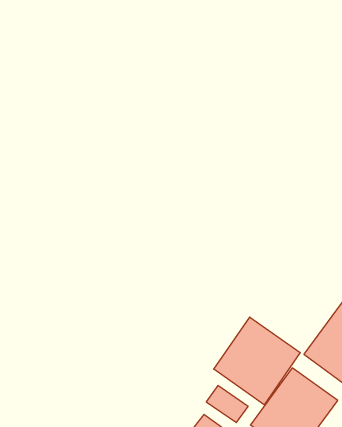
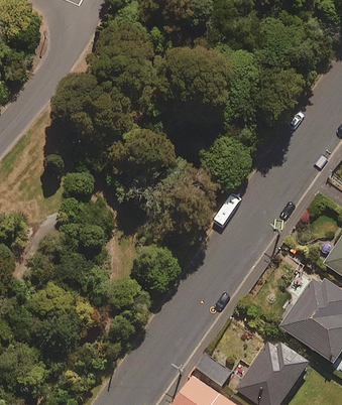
building: [214,317,300,405] -> none

